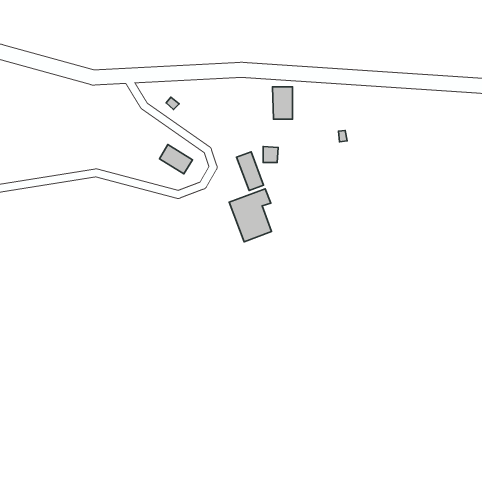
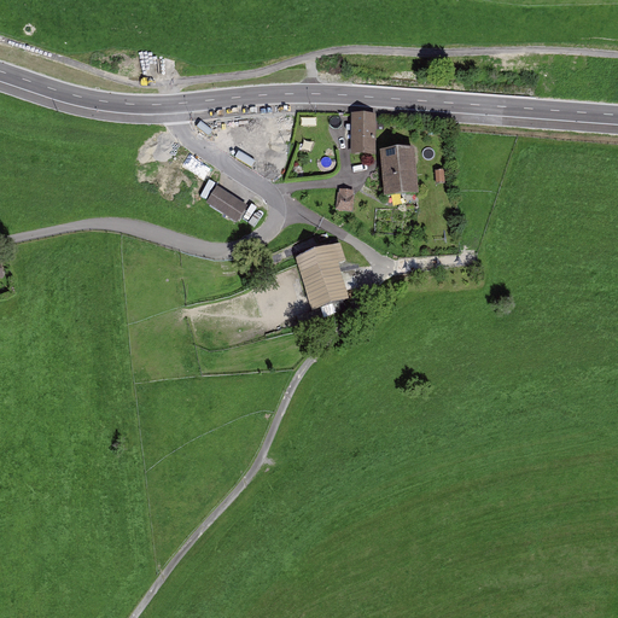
building: none -> [380,145,418,190]
building: [237,152,264,190] -> none

